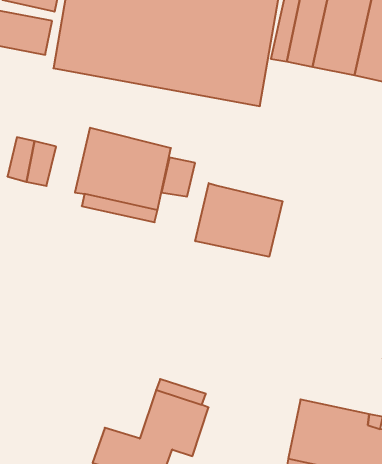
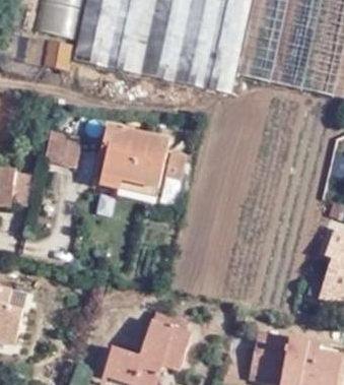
building: [195,183,283,257] -> none

